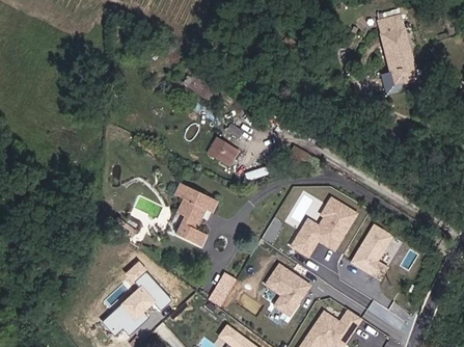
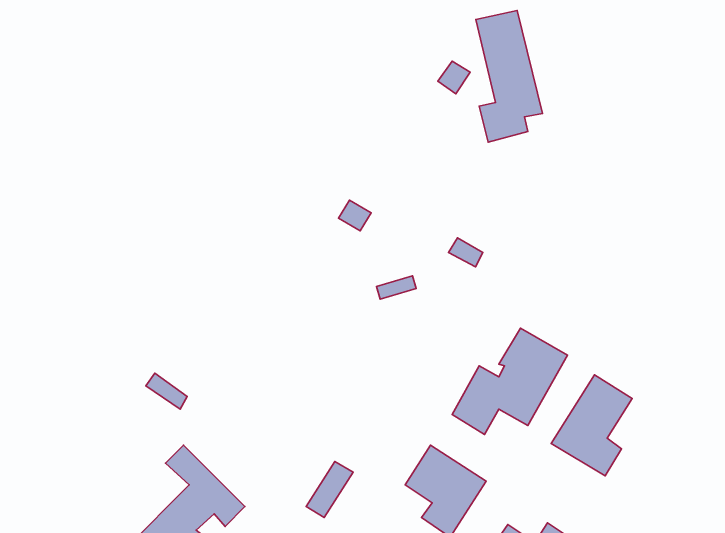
building: [377,16,415,91] -> [476,11,542,142]
building: [204,136,239,166] -> none
building: [172,183,216,245] -> none

